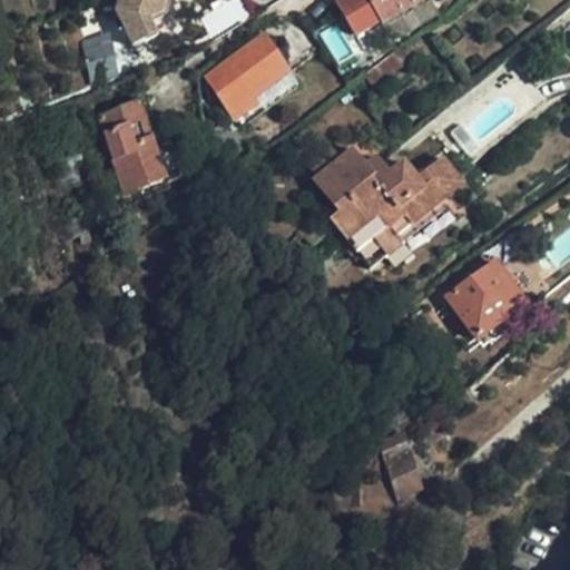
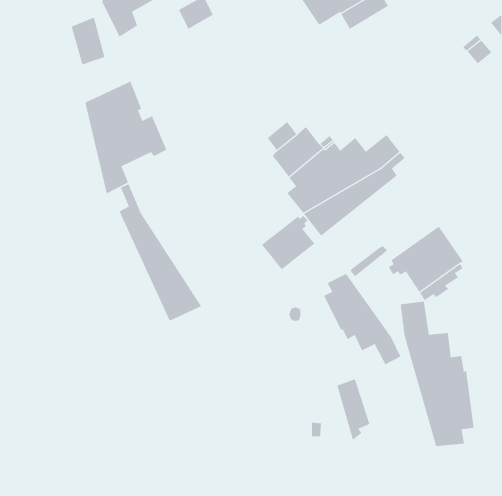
building: [213,30,301,121] -> none
building: none -> [119,183,202,322]
building: none -> [261,215,315,270]
building: none -> [323,273,401,365]
building: none -> [400,301,474,447]

